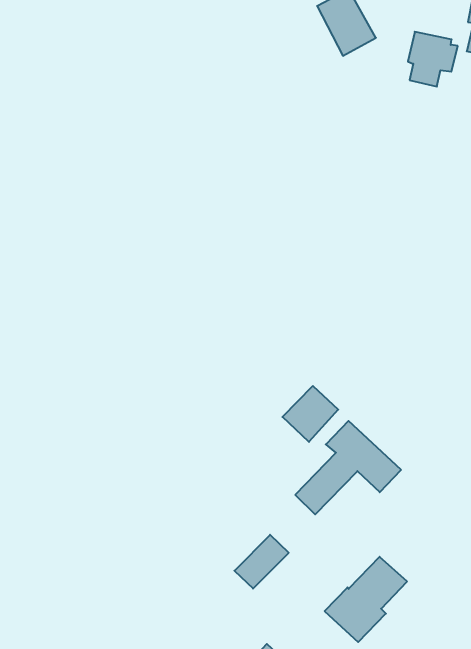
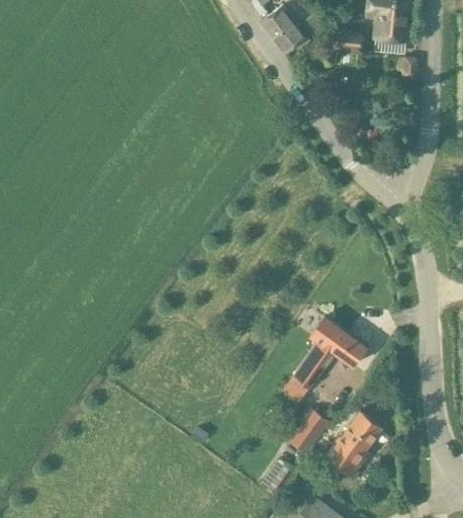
building: [282,386,338,442] -> none
building: [234,535,289,589] -> [289,413,327,453]

